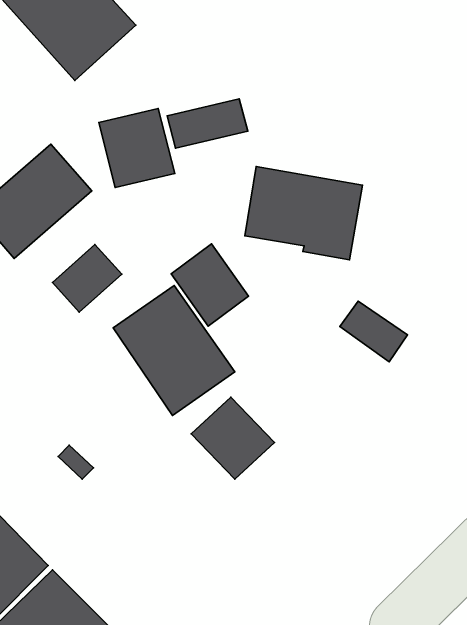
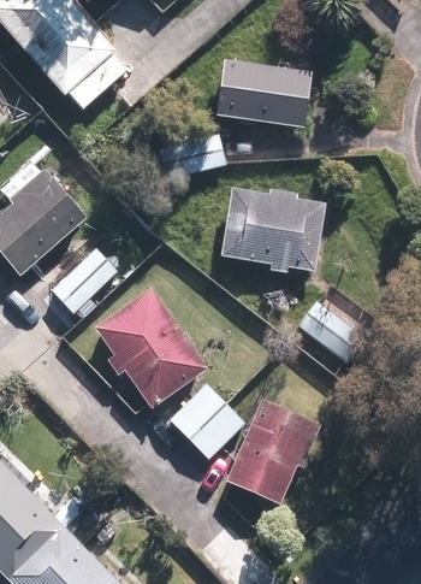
building: none -> [214,60,308,128]
building: [99,109,175,188] -> none
building: [171,244,248,326] -> none
building: none -> [236,403,313,499]

